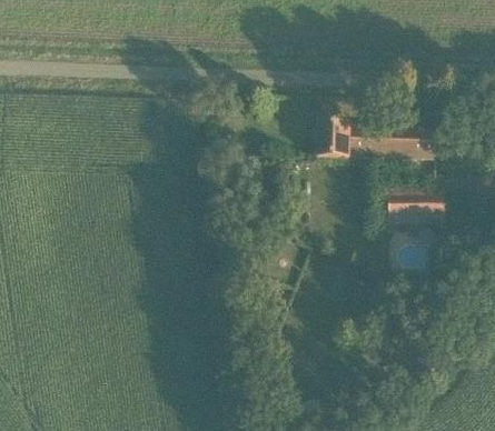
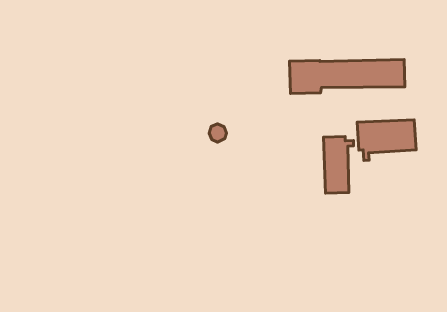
building: none -> [323,137,354,193]

